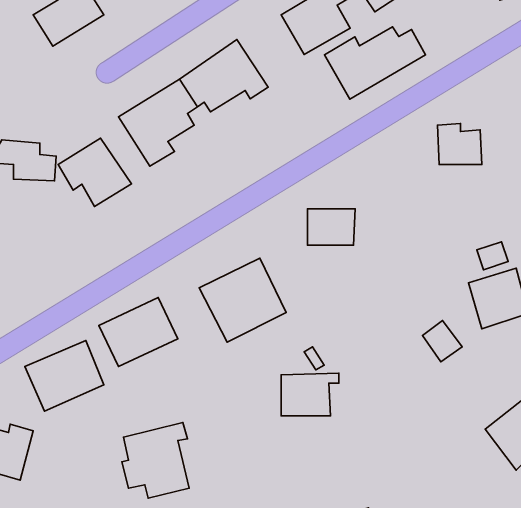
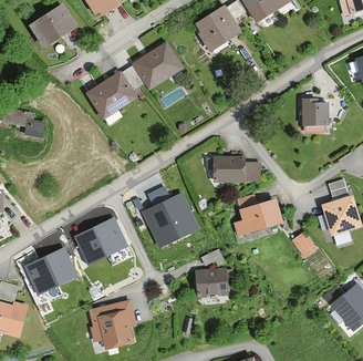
building: [325,27,426,99] -> none
building: [58,138,131,207] -> none
building: none -> [235,193,283,235]

